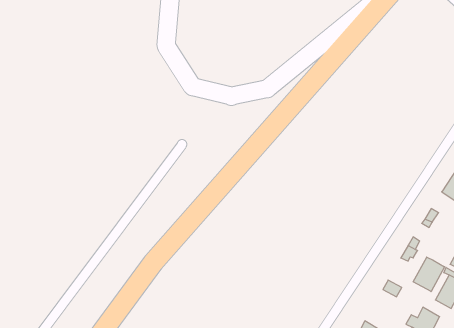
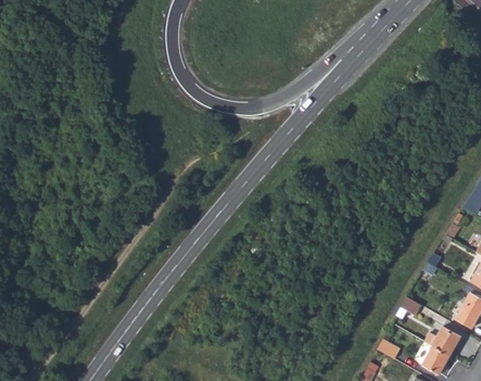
building: [413,257,445,292] -> none

